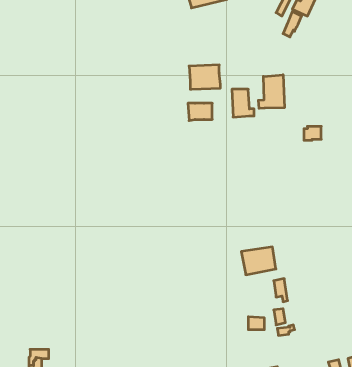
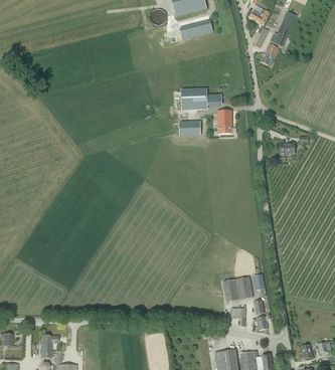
building: [258,75,284,108] -> none
building: [241,247,276,275] -> [222,276,253,301]

